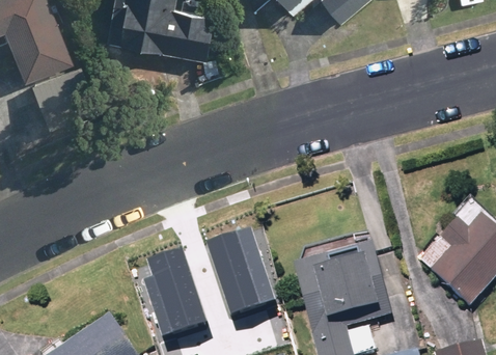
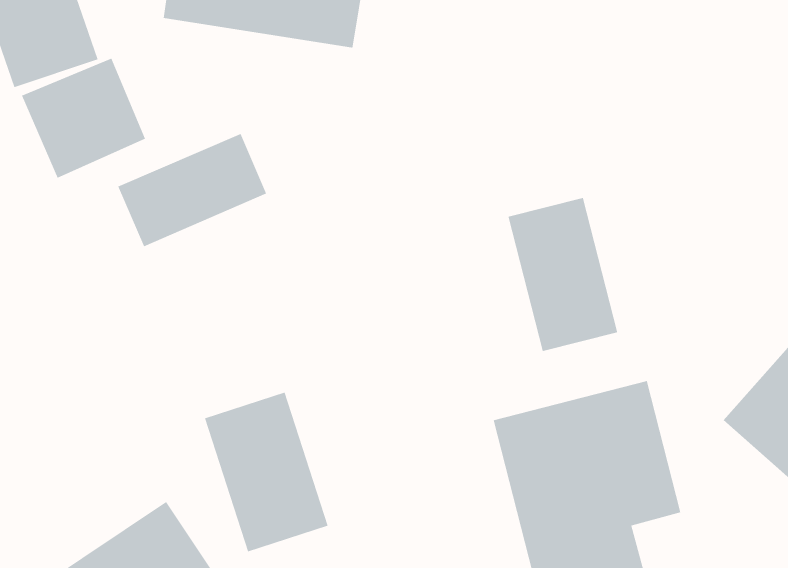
building: none -> [118,133,267,247]
building: none -> [508,197,618,352]
building: [201,229,269,318] -> none

